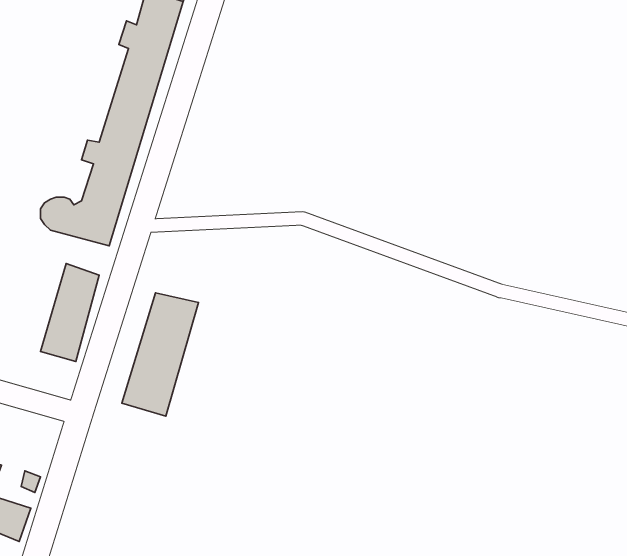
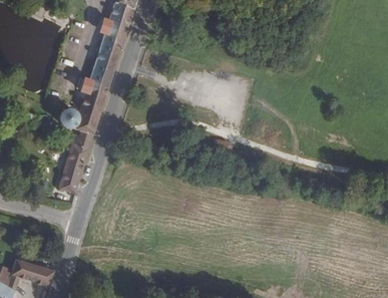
building: [122,293,199,416] -> none

